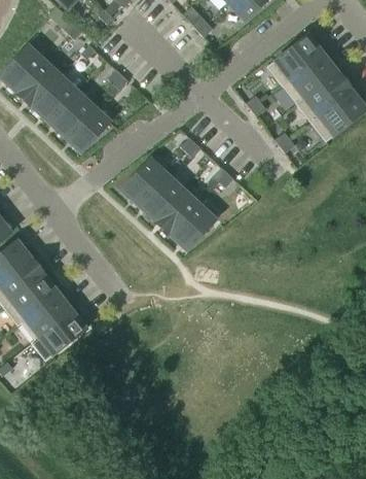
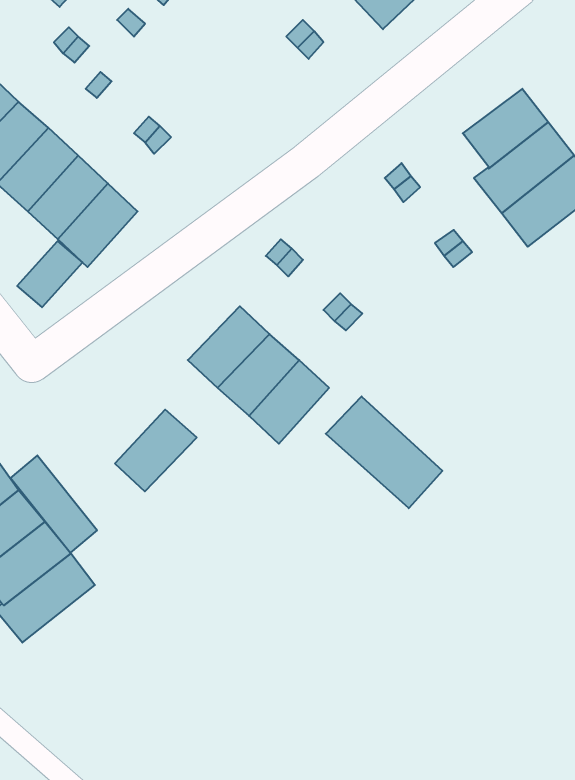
building: [267,33,323,84] -> none
building: none -> [17,241,82,307]
building: [121,158,167,203] -> [115,410,197,491]
building: none -> [326,396,442,508]
building: none -> [11,455,97,553]

